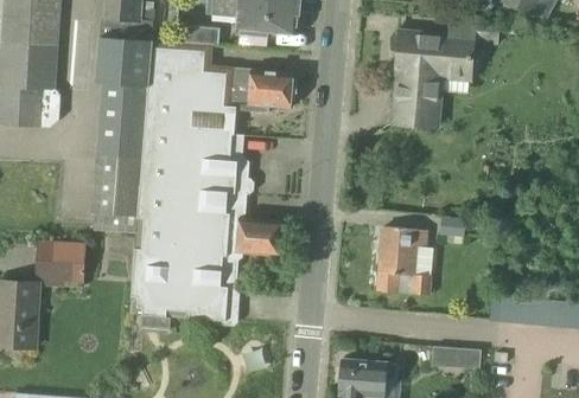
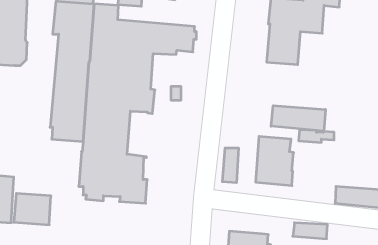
building: none -> [271,106,325,131]
building: [198,191,229,255] -> none
building: [238,219,281,253] -> none
building: [33,239,85,283] -> [14,193,51,225]
building: none -> [222,148,238,183]

